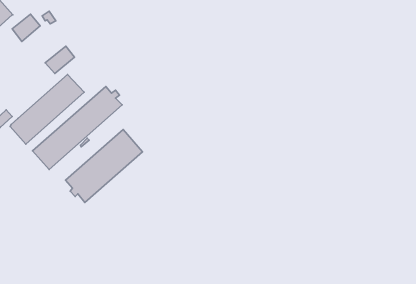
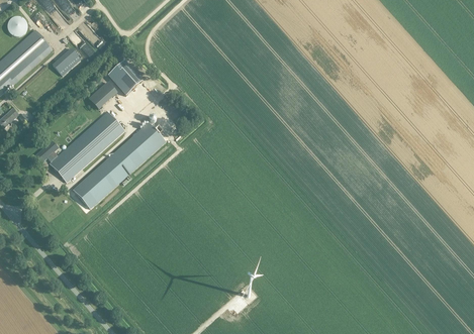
building: none -> [110,64,145,99]
building: [65,129,143,203] -> none

